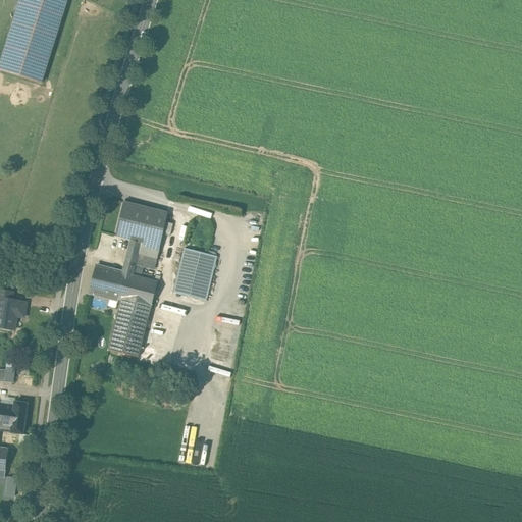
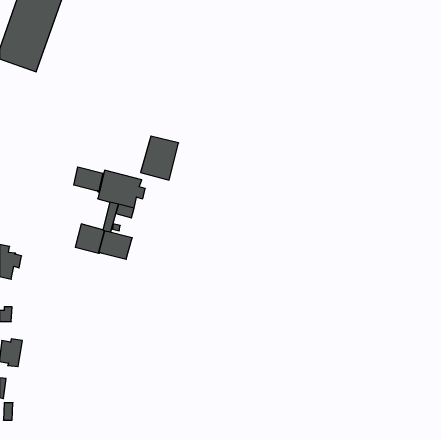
building: none -> [74,167,103,192]
building: [173,247,218,299] -> [141,136,179,180]
building: [107,299,149,356] -> none

